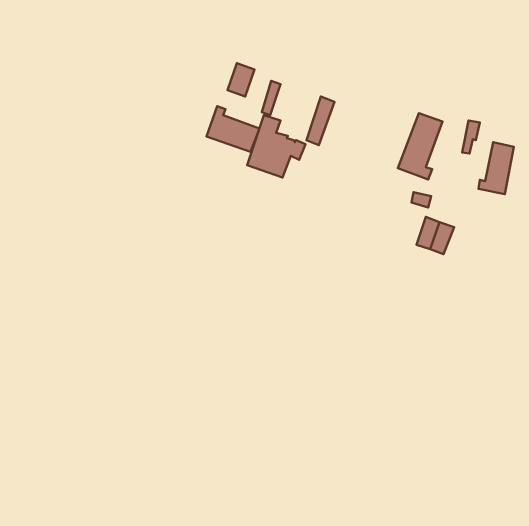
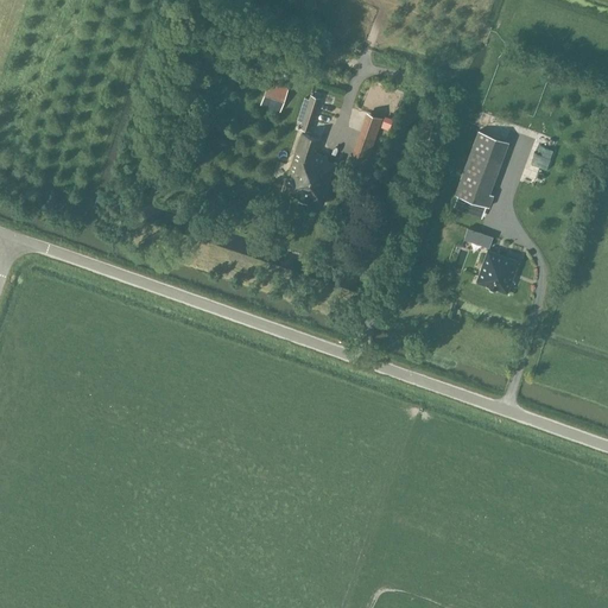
building: [207,106,259,152] -> none
building: [478,142,514,194] -> none

